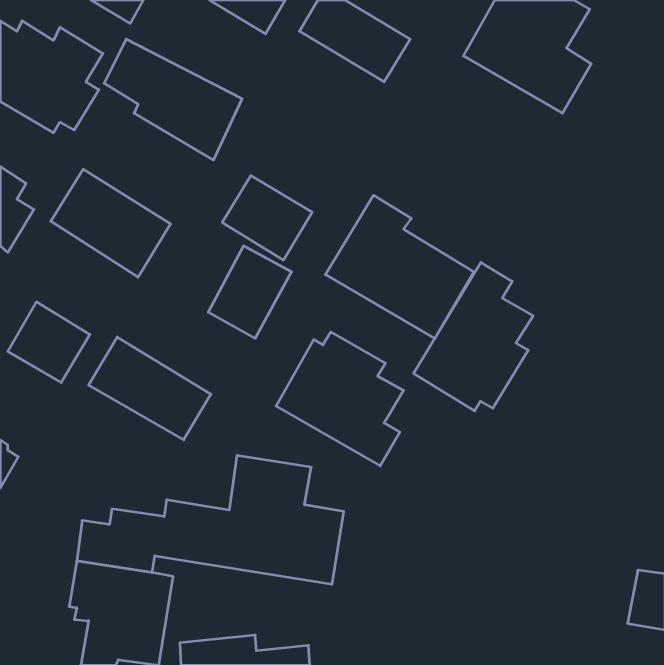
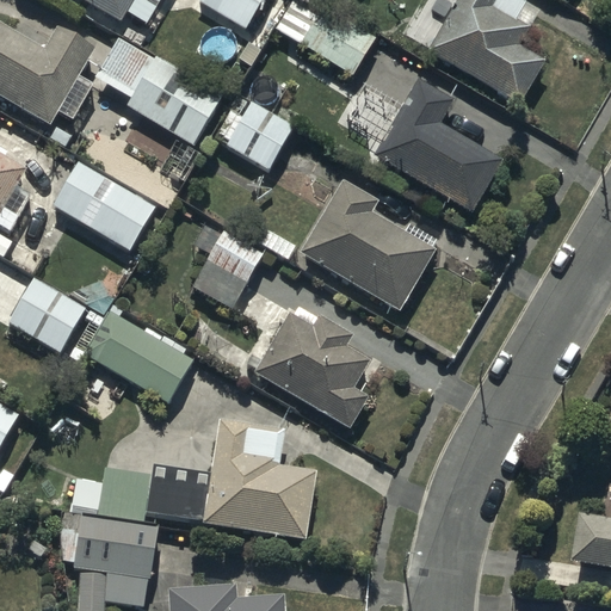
building: none -> [374,79,501,211]
building: [222,176,312,260] -> [214,92,296,169]
building: [414,262,533,411] -> none

